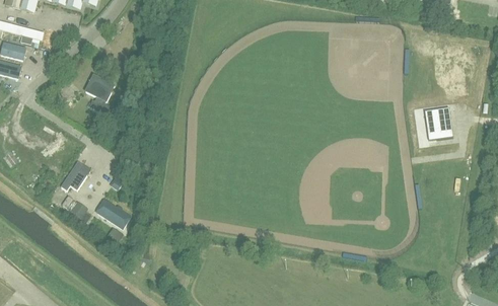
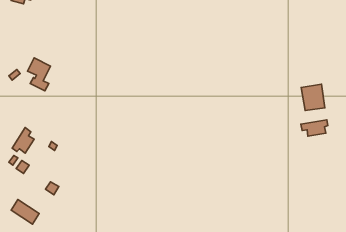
building: none -> [301,120,328,136]
building: [100,199,135,229] -> [11,199,39,224]

